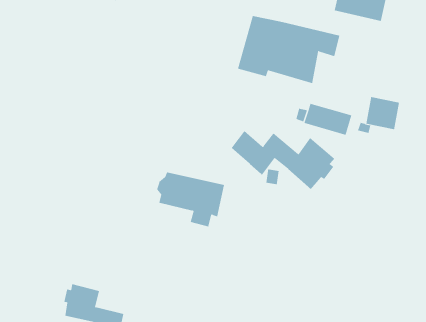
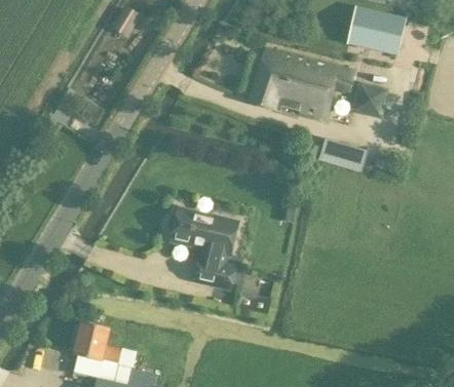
building: [366,97,400,130] -> [353,81,388,115]
building: [231,130,335,190] -> none
building: none -> [192,259,233,286]

